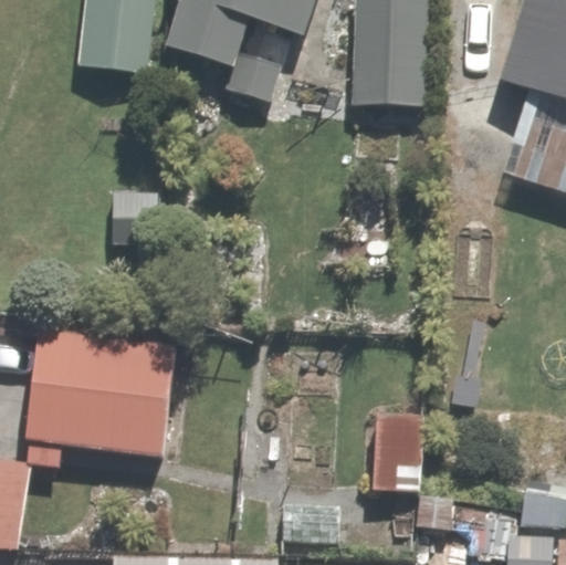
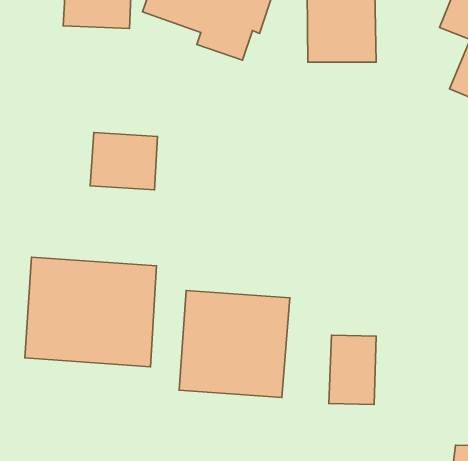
building: none -> [179,290,290,397]

